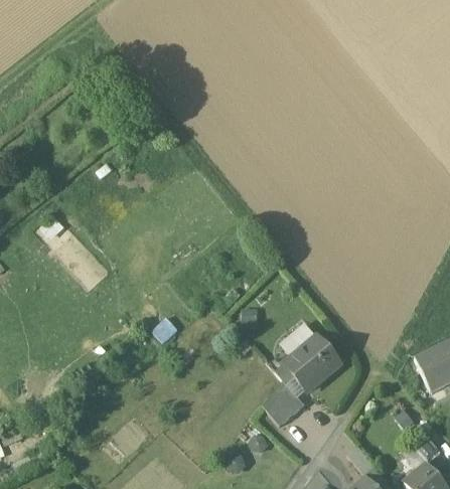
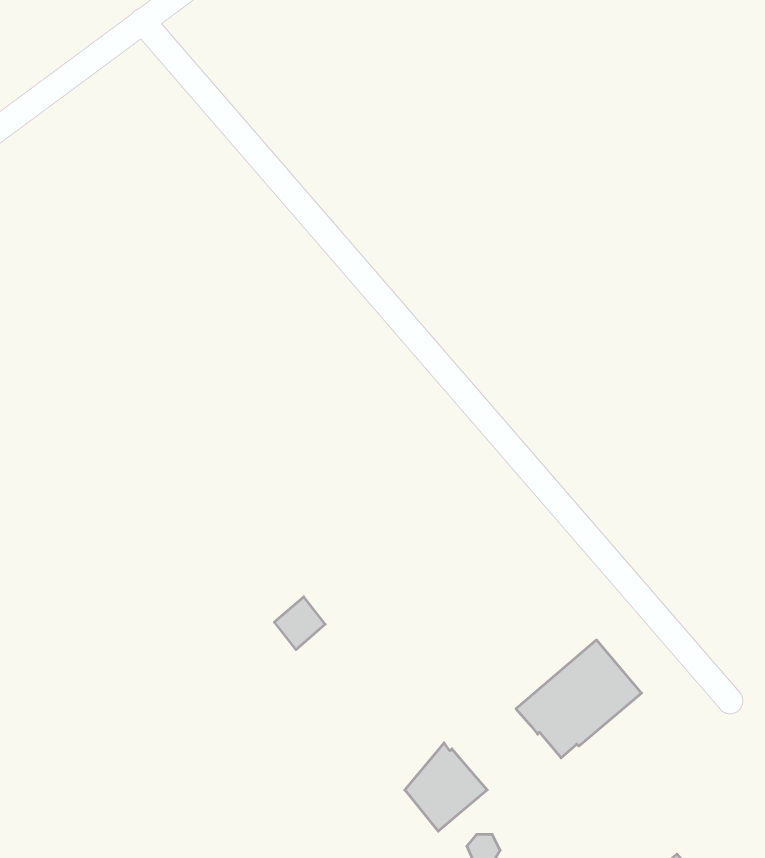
building: [264,379,306,425] -> [405,743,487,831]

